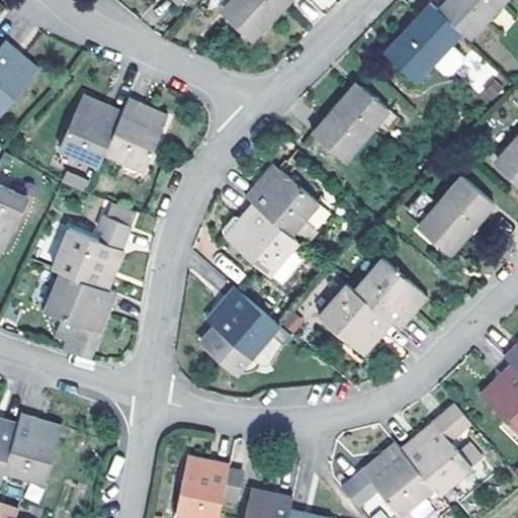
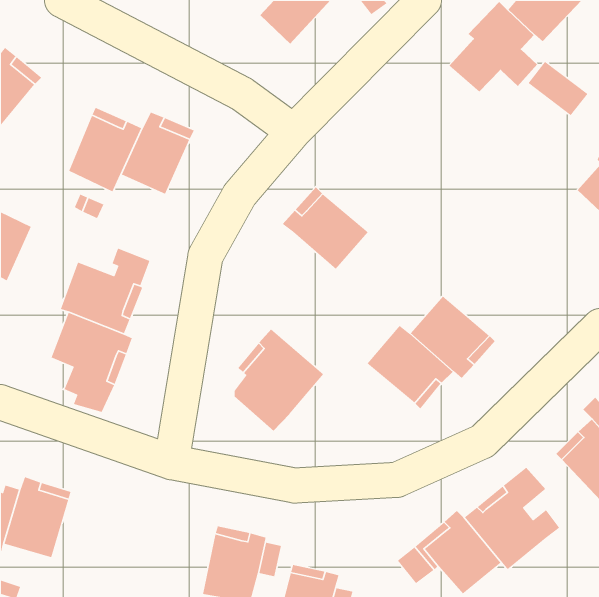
building: [311,86,388,162] -> none
building: [422,175,493,254] -> none
building: [223,202,298,273] -> none

